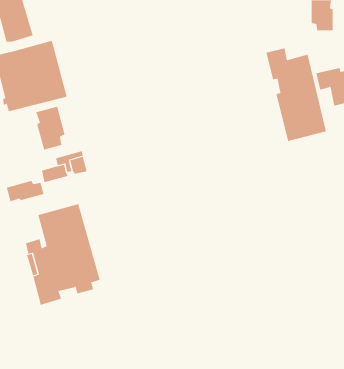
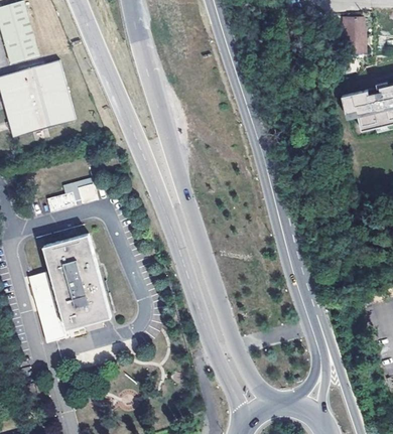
building: [266,47,326,142] -> none
building: [35,106,65,150] -> none
building: [6,180,44,202] -> none

